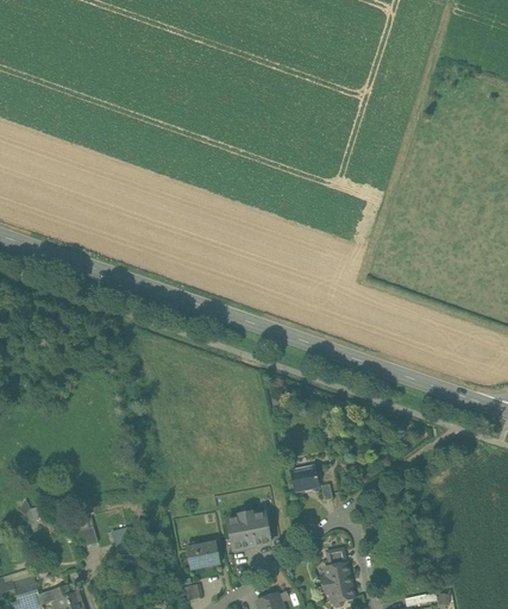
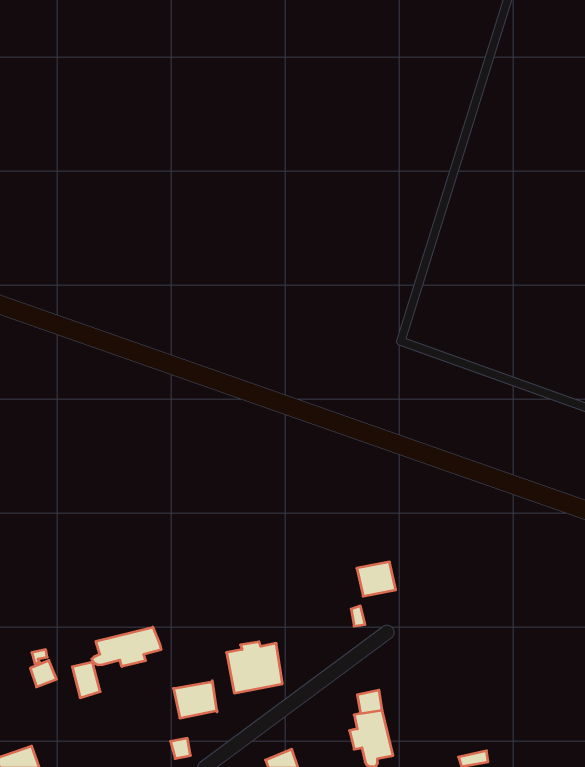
building: [289,465,319,491] -> [357,562,396,596]
building: none -> [92,627,161,667]

